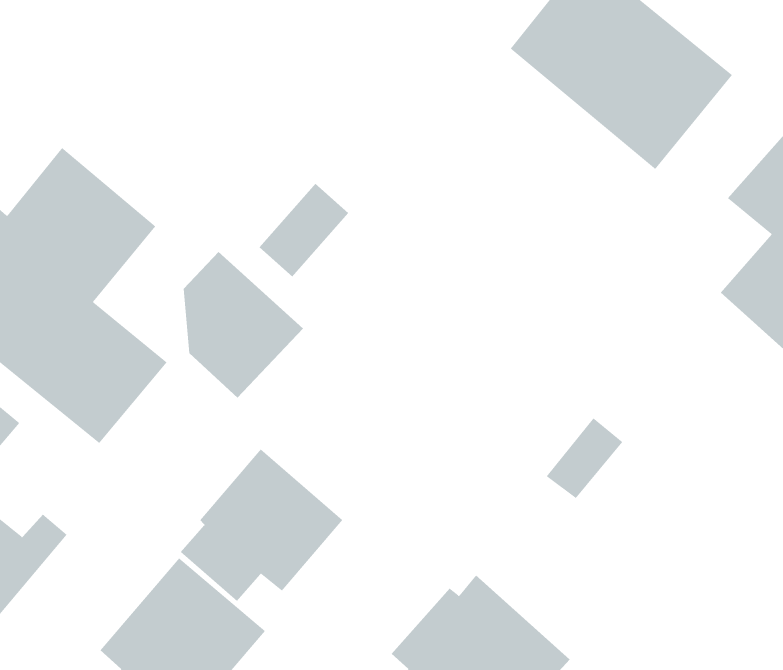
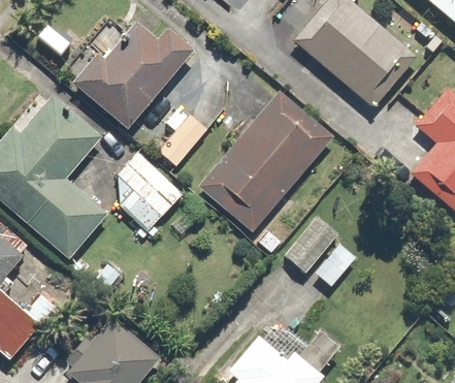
building: none -> [64,20,195,128]
building: none -> [198,91,333,231]
building: none -> [282,216,337,274]
building: [180,449,343,602] -> none

